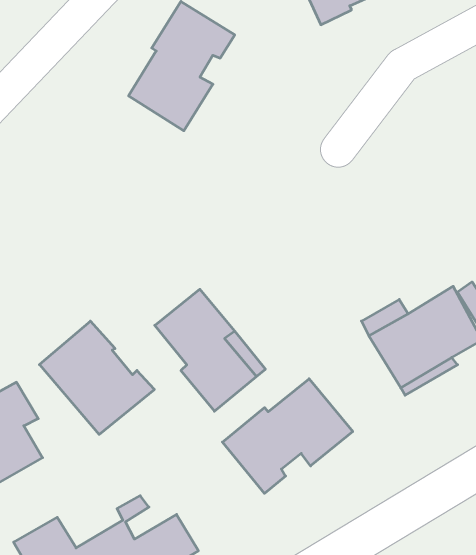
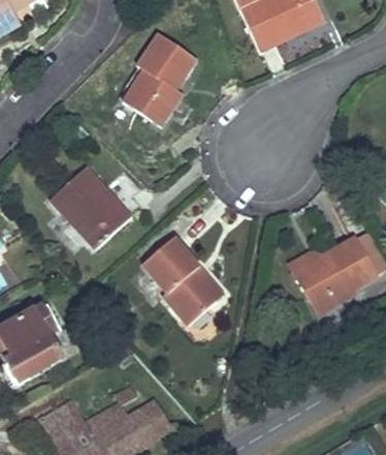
building: [39,321,154,434] -> [50,163,131,244]
building: [222,379,353,493] -> none

